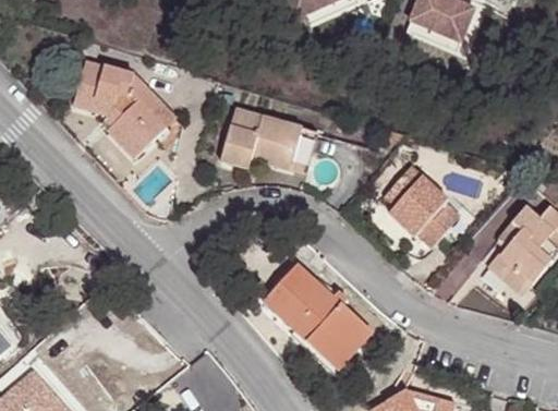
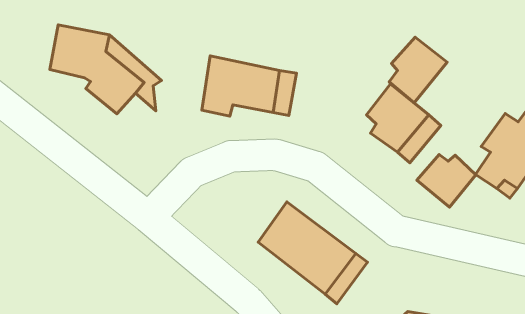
building: none -> [389,37,447,103]
building: none -> [417,155,476,207]

